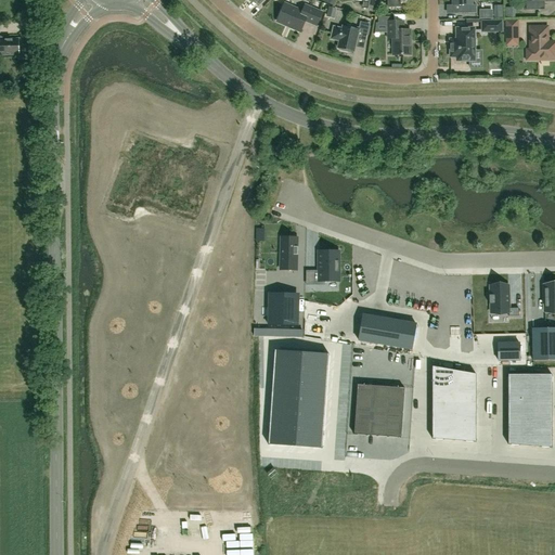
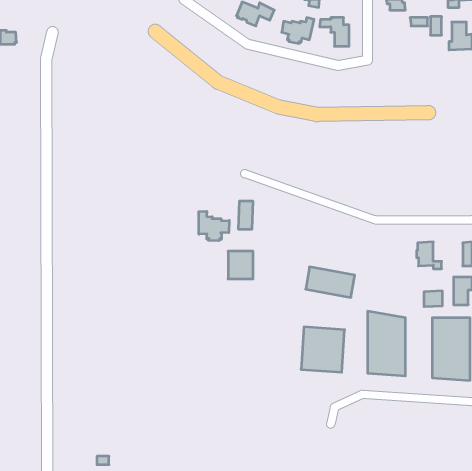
building: [450,27,481,68] -> none
building: none -> [199,211,229,241]
building: [319,250,338,280] -> none
building: [268,349,328,448] -> none

